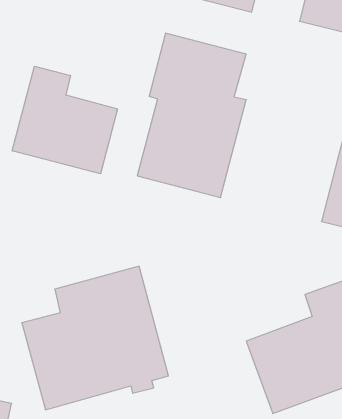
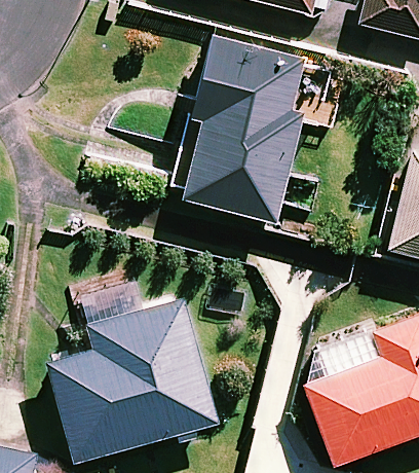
building: [12,66,117,174] -> none

